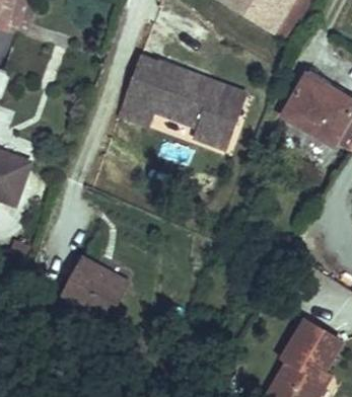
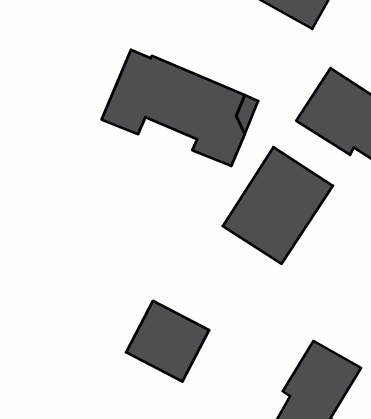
building: none -> [223,147,333,264]
building: [58,256,127,323] -> [126,301,209,382]

